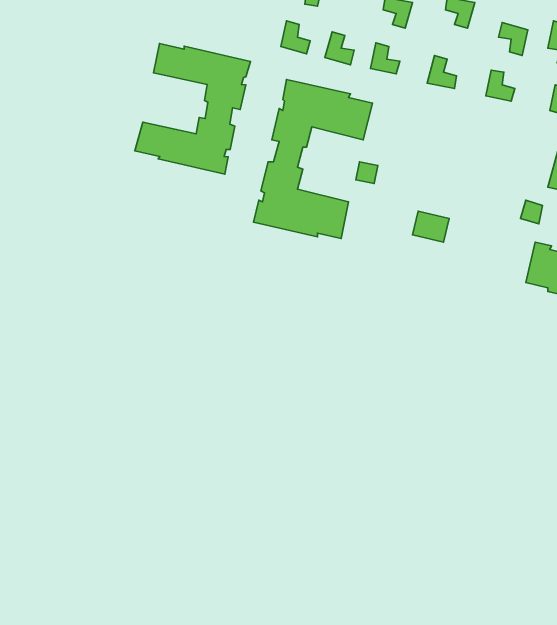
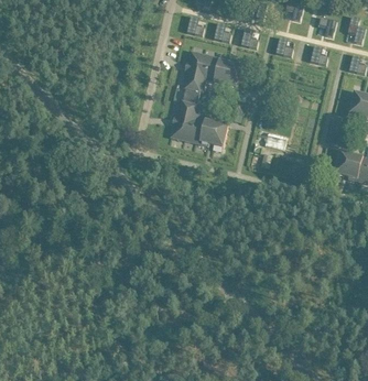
building: [135,44,251,174] -> none

